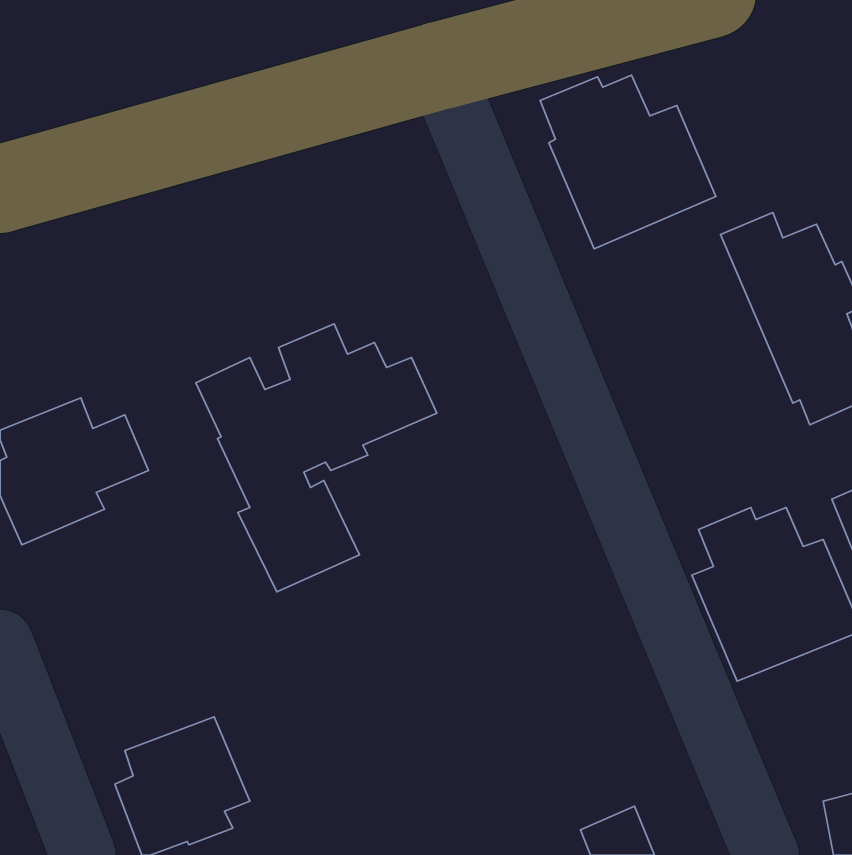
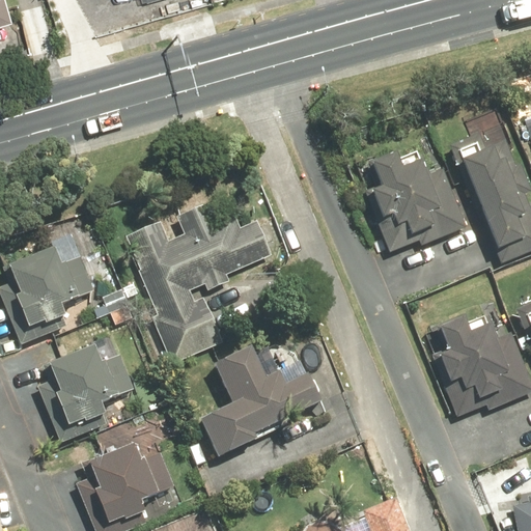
building: [540,75,716,249] -> [360,150,468,257]
building: none -> [38,344,138,431]
building: none -> [199,345,332,456]

